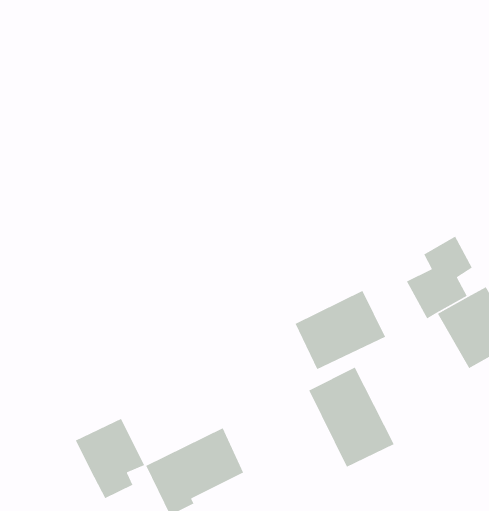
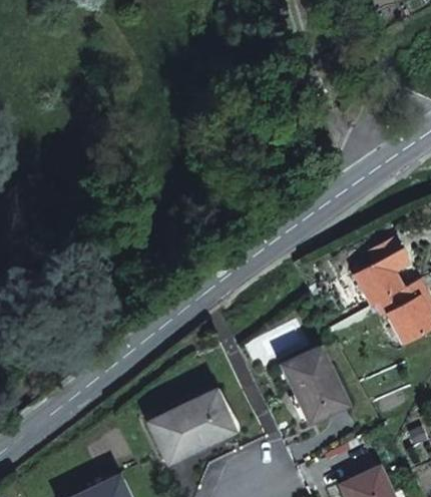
building: [294,290,386,370] -> none
building: [75,418,145,499] -> none

